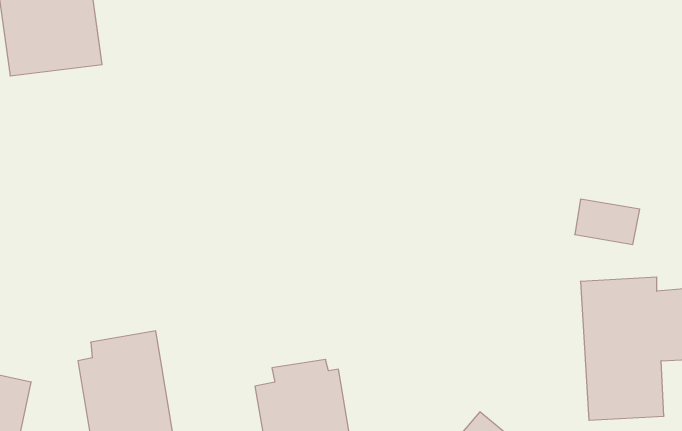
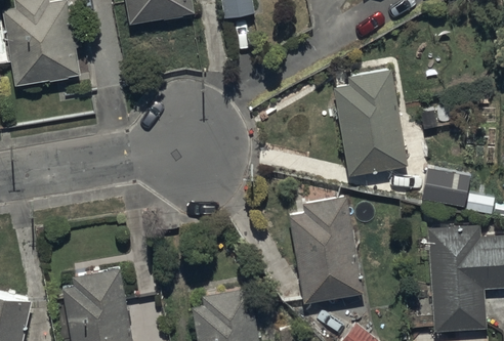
building: none -> [333,70,409,177]
building: none -> [289,196,362,304]

